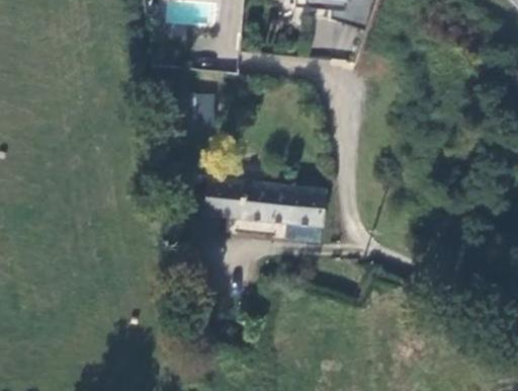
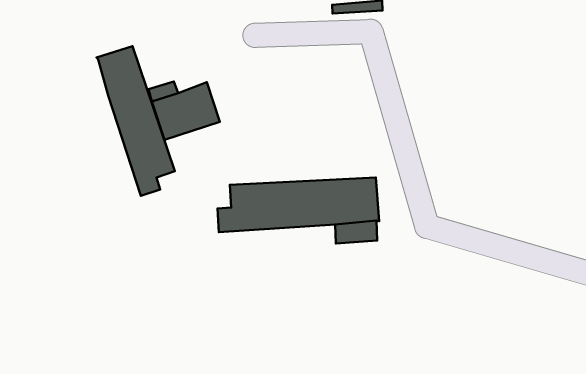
building: none -> [96,46,175,196]

